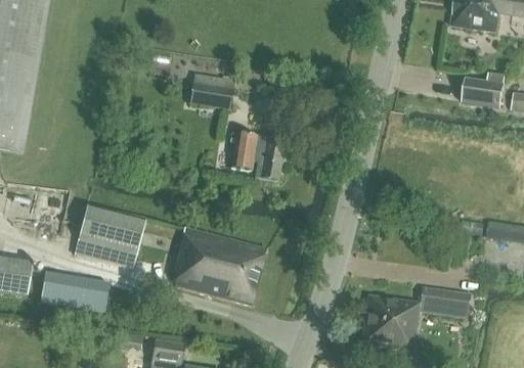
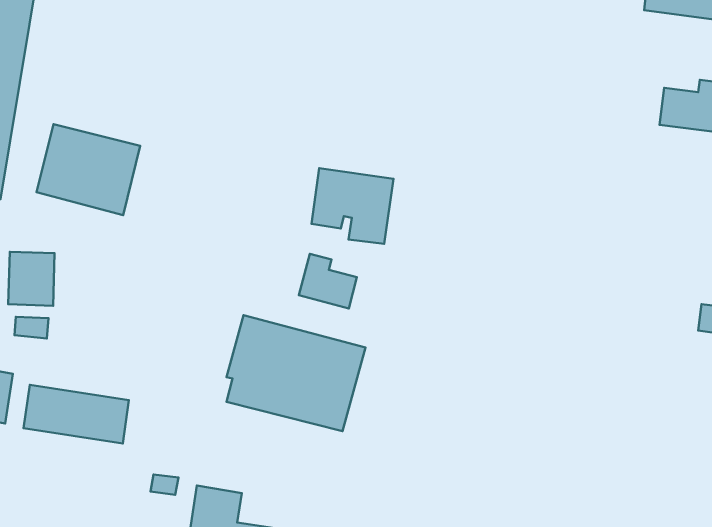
building: [189,73,234,107] -> none
building: none -> [299,254,357,308]
building: [75,206,143,267] -> [36,124,140,215]
building: [360,285,470,349] -> none

